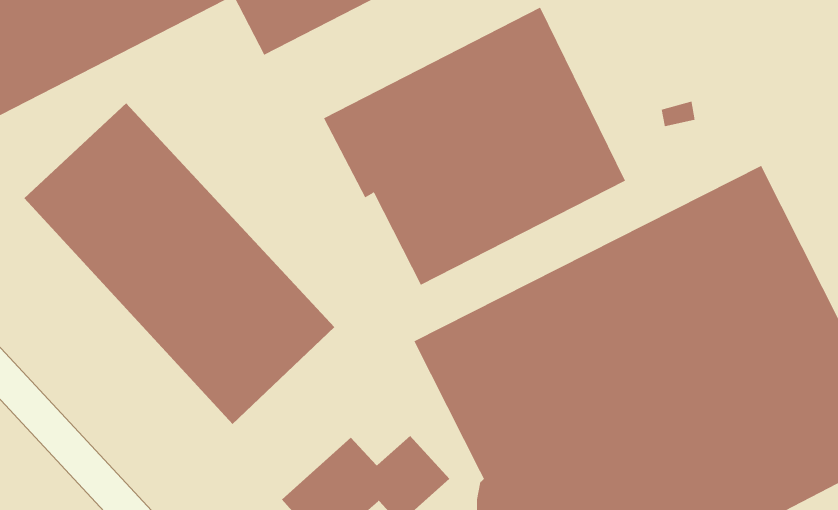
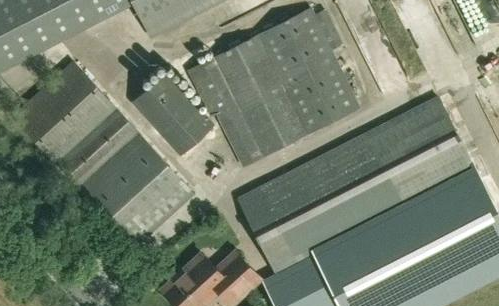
building: none -> [133,71,214,154]

